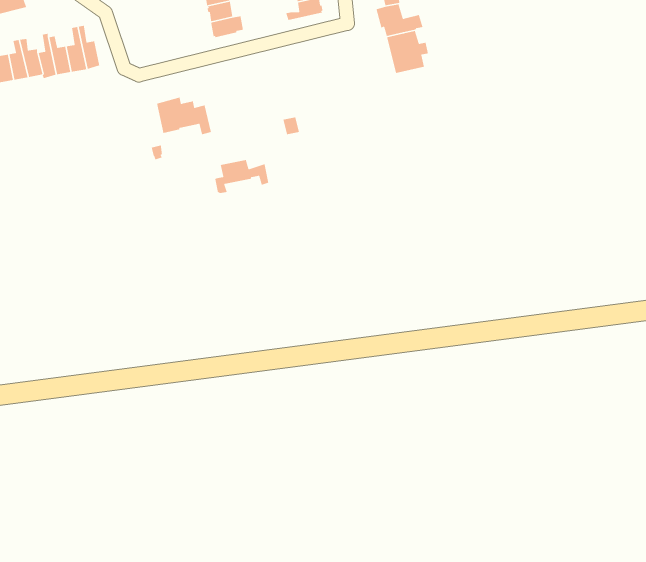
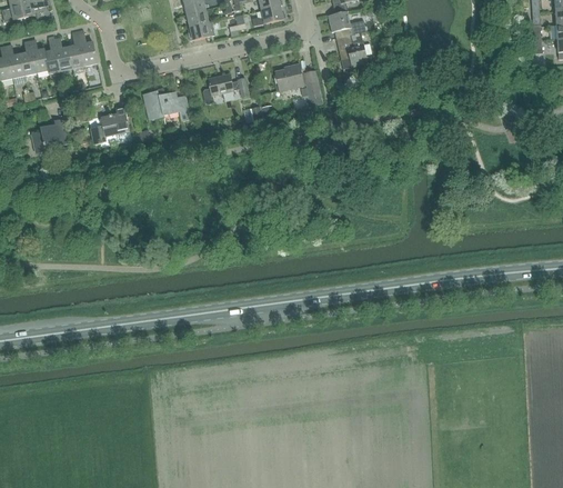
building: none -> [275,64,321,100]
building: none -> [90,104,130,143]
building: none -> [31,119,68,152]
building: [215,159,269,194] -> [202,74,248,103]

